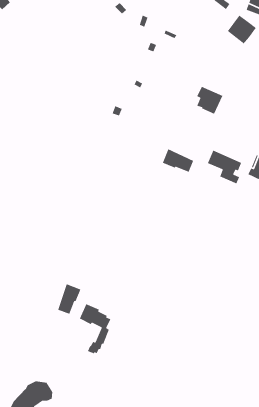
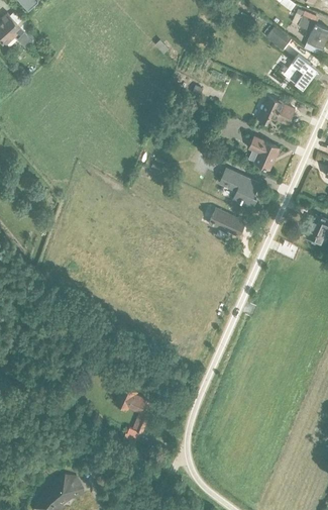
building: none -> [255,96,295,124]
building: [207,149,242,185] -> [218,167,258,207]
building: [57,283,81,315] -> none

